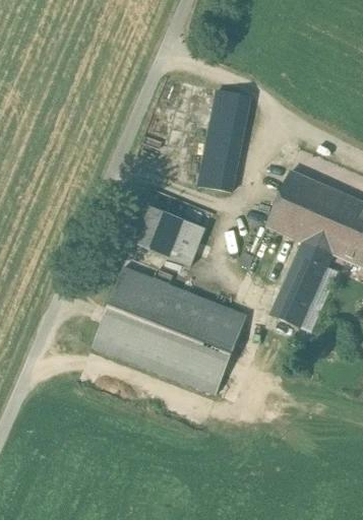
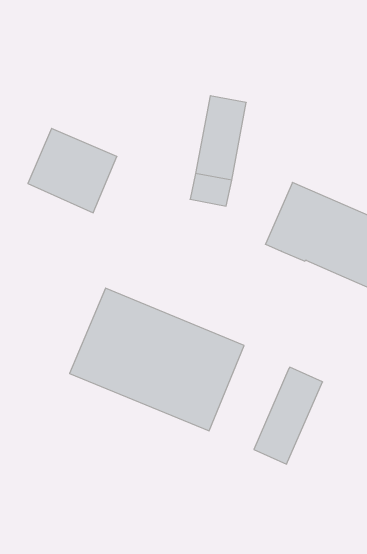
building: [131,190,211,266] -> [28,128,117,213]
building: [270,241,332,328] -> [254,367,323,464]

